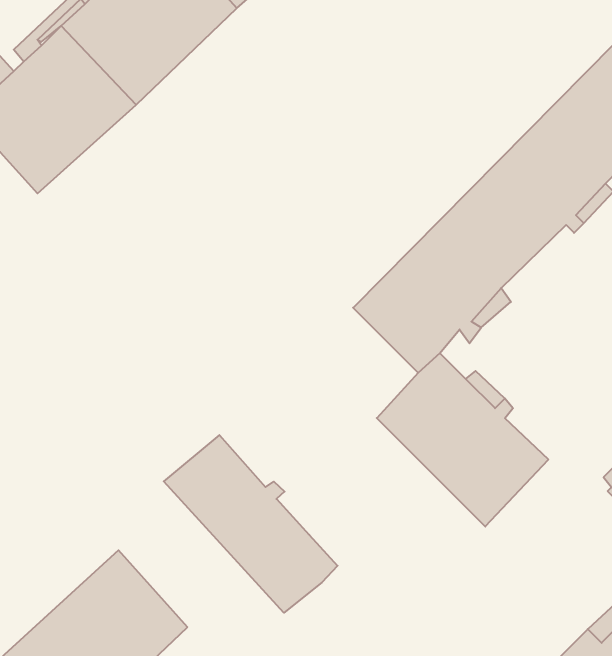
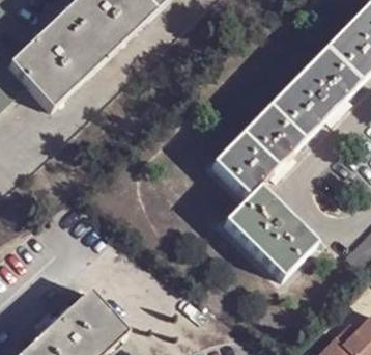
building: [164,435,338,613] -> none

